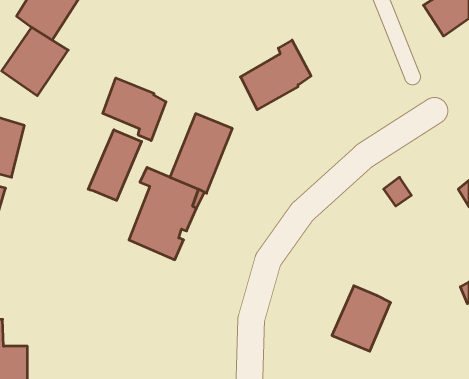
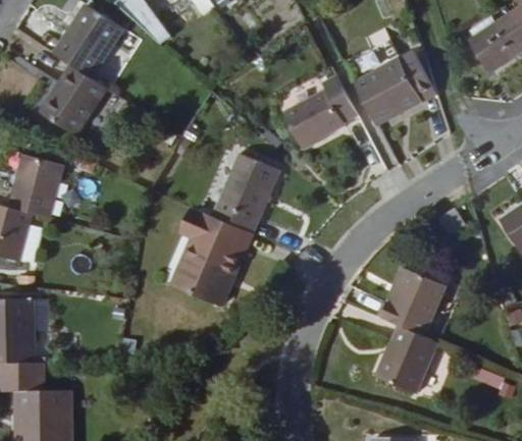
building: none -> [354,50,435,123]
building: [103,78,166,141] -> none
building: [88,130,142,200] -> none
building: none -> [377,272,446,339]

